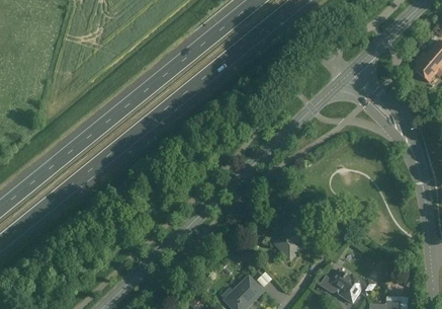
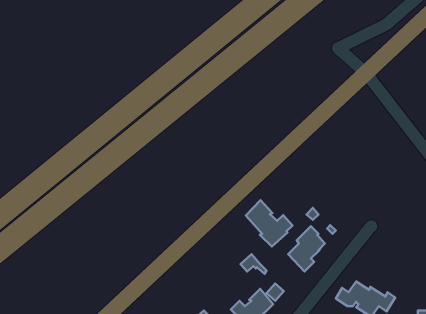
building: none -> [246,200,293,247]

